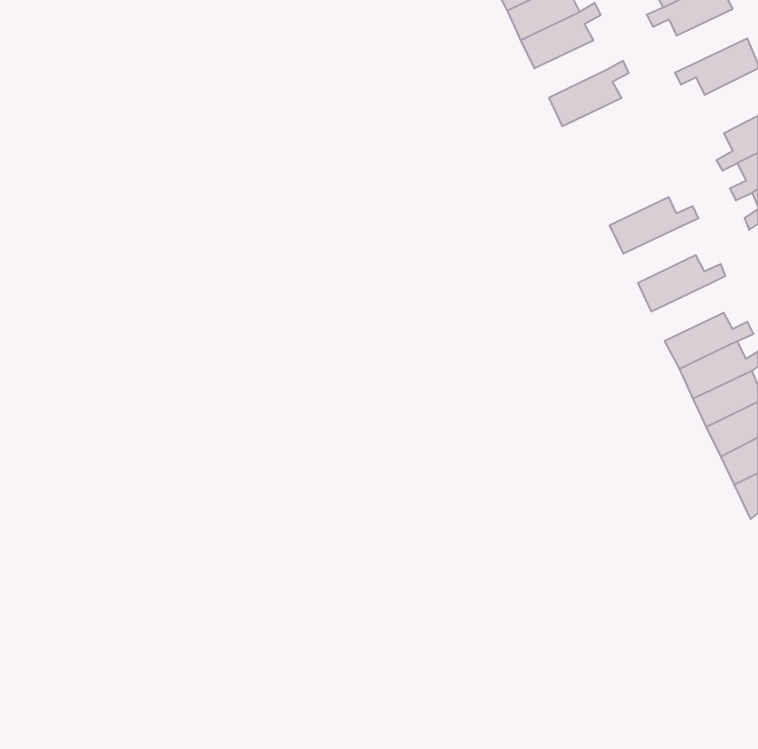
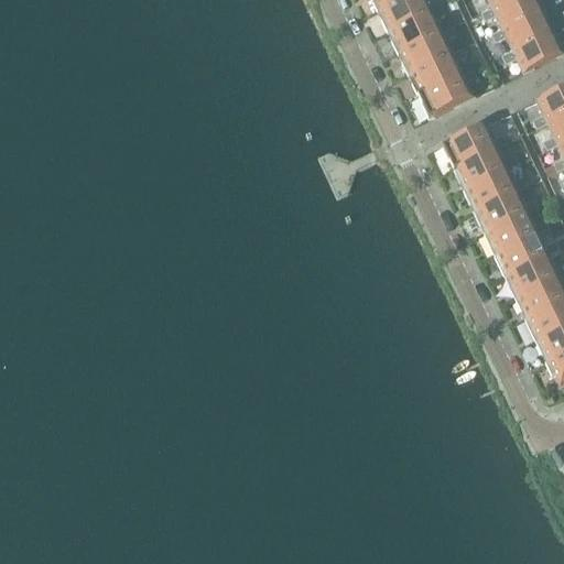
building: none -> [490,7,555,48]
building: none -> [397,24,457,73]
building: none -> [417,67,477,117]
building: none -> [442,124,508,167]
building: none -> [463,167,529,210]
building: none -> [484,210,550,253]

